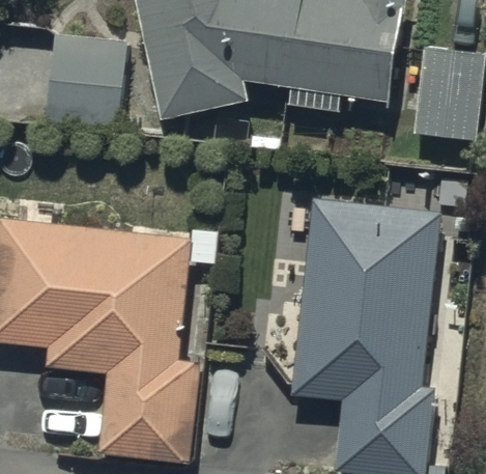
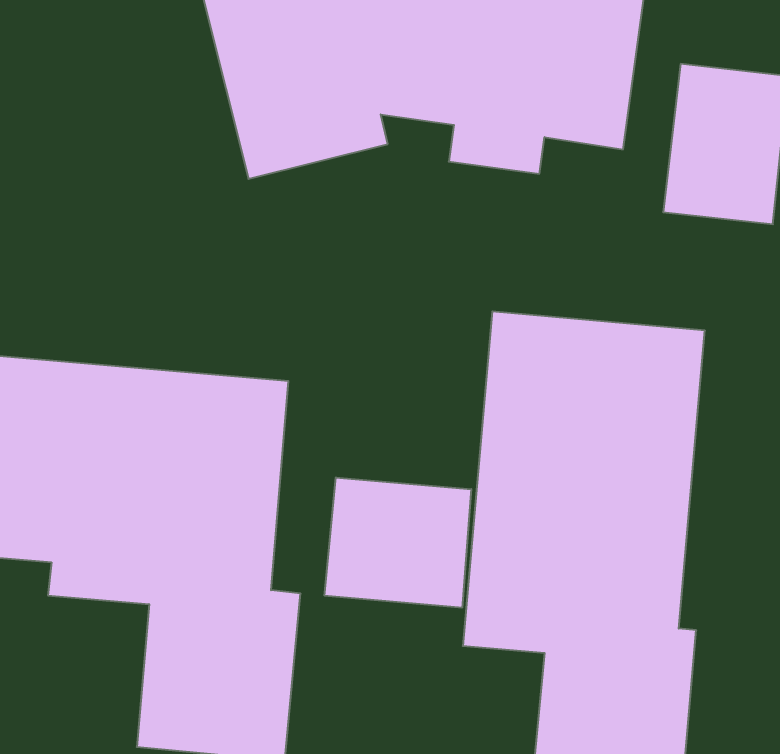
building: [46,35,124,130] -> none
building: none -> [325,477,471,608]

